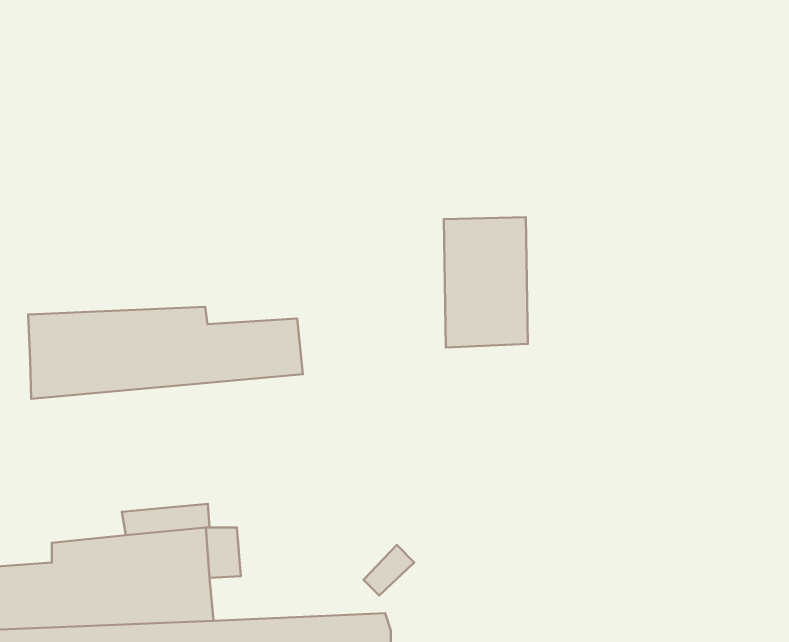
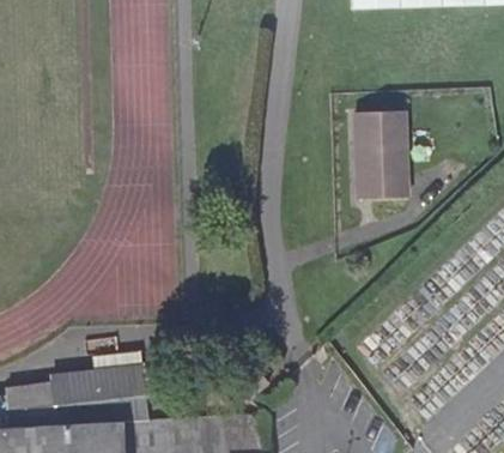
building: [444,217,528,348] -> [357,107,408,187]
building: [28,307,303,399] -> none

